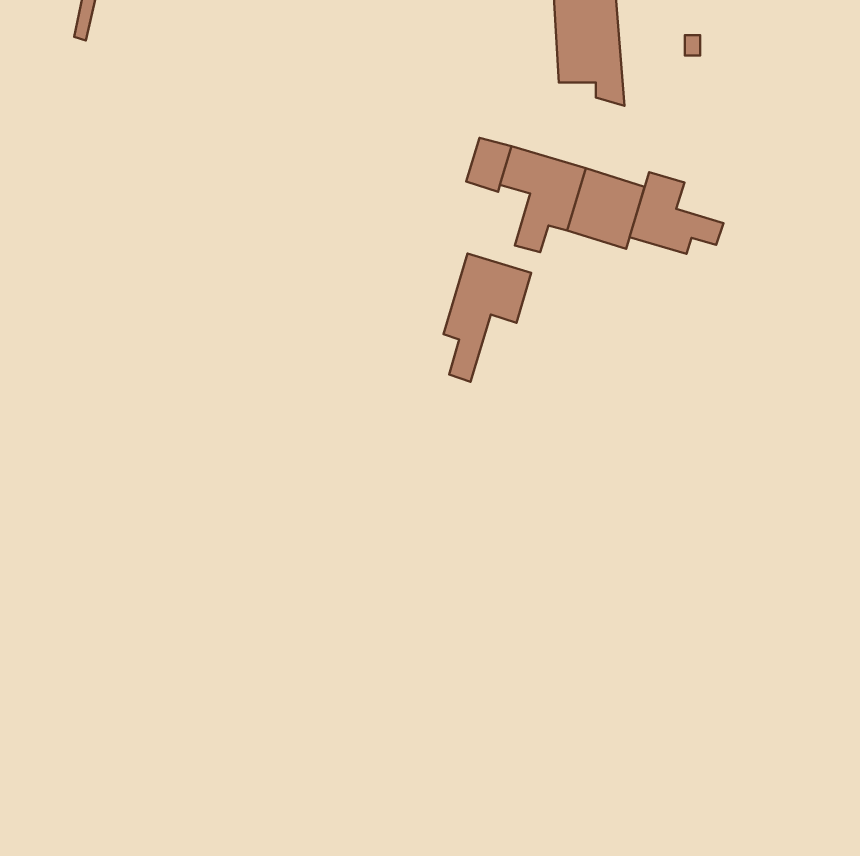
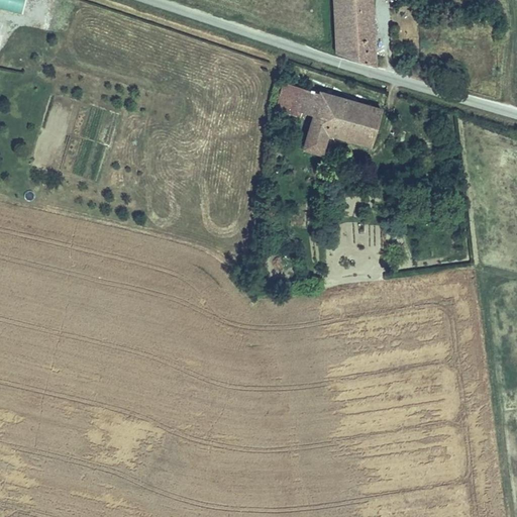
building: [630,172,723,254] -> none
building: [444,254,531,382] -> none

